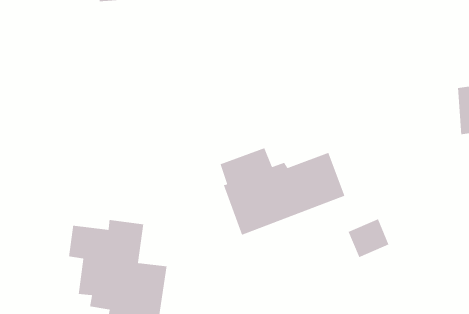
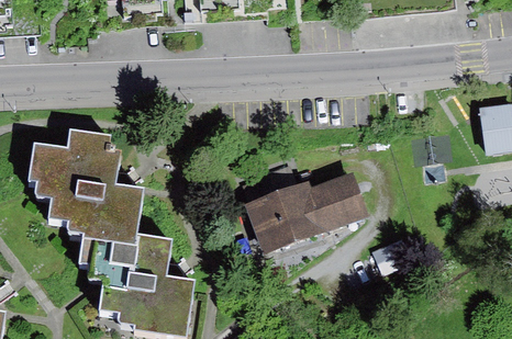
building: none -> [30,133,142,248]

